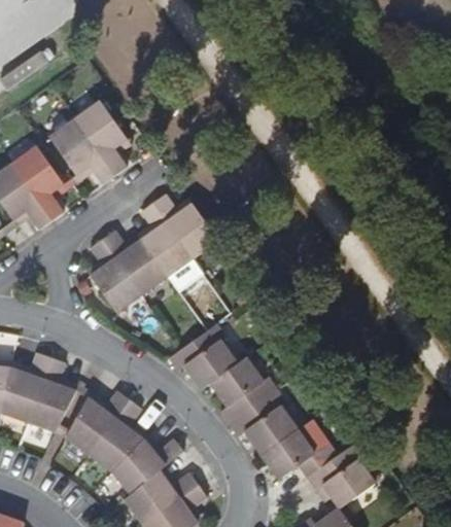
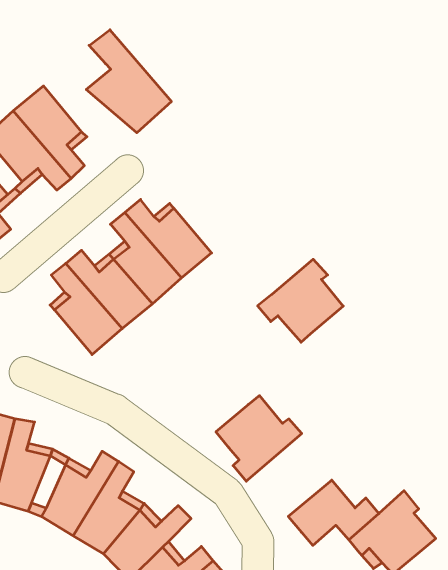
building: none -> [86,30,171,133]
building: [170,325,238,390] -> [258,259,343,342]
building: [231,391,299,456] -> none

